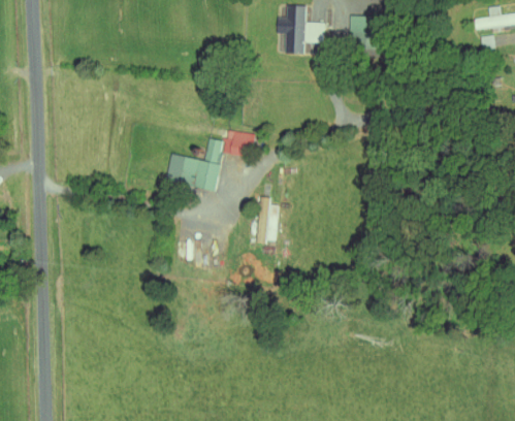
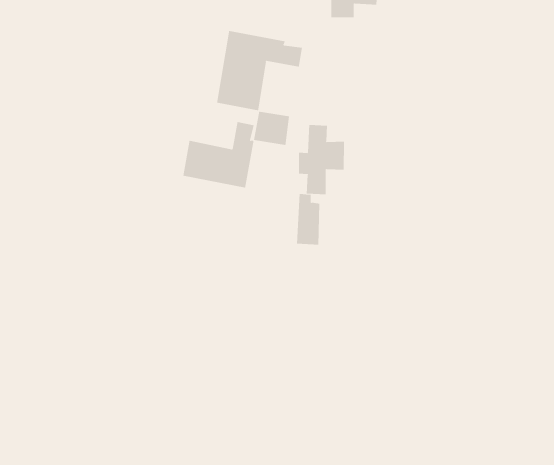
building: none -> [217,30,302,111]
building: none -> [298,124,345,195]

